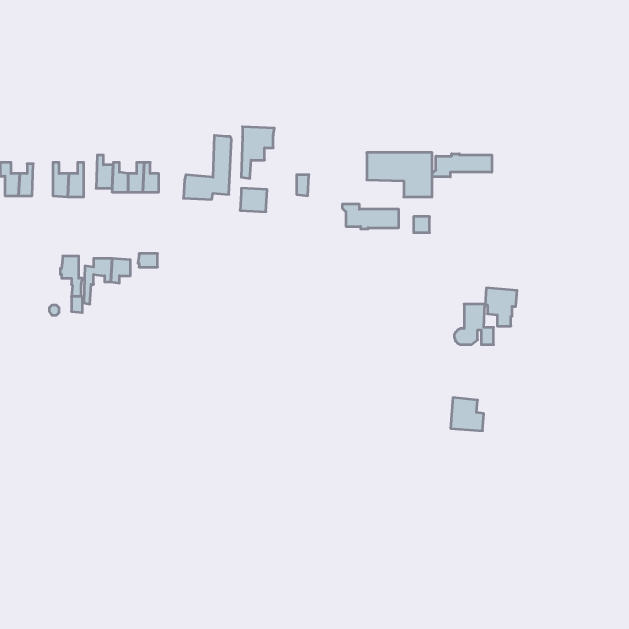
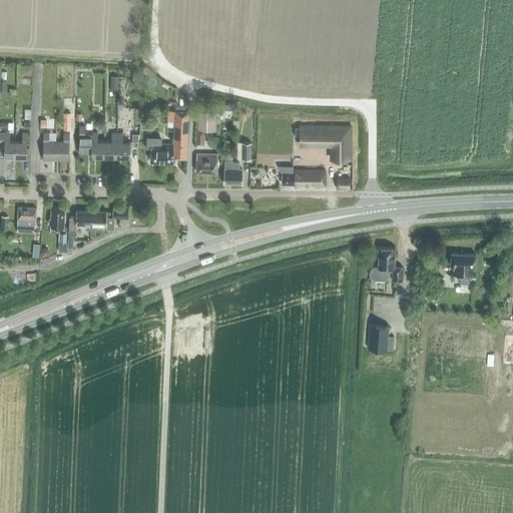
building: [432,154,492,177] -> none
building: none -> [223,160,241,184]
building: none -> [17,206,36,231]
building: [485,288,517,326] -> [450,252,476,284]

